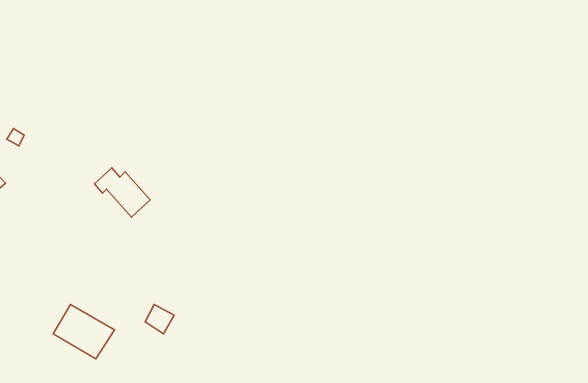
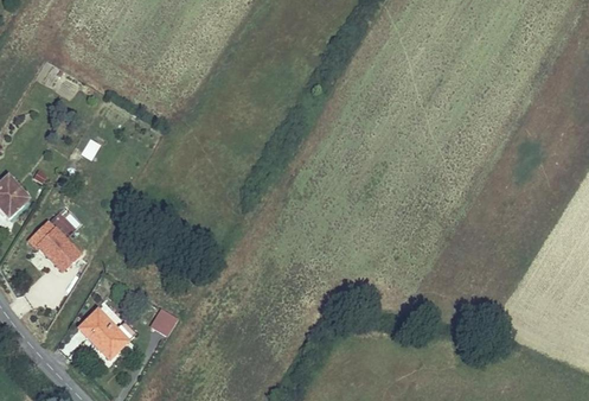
building: [94,168,150,217] -> [30,225,79,269]

